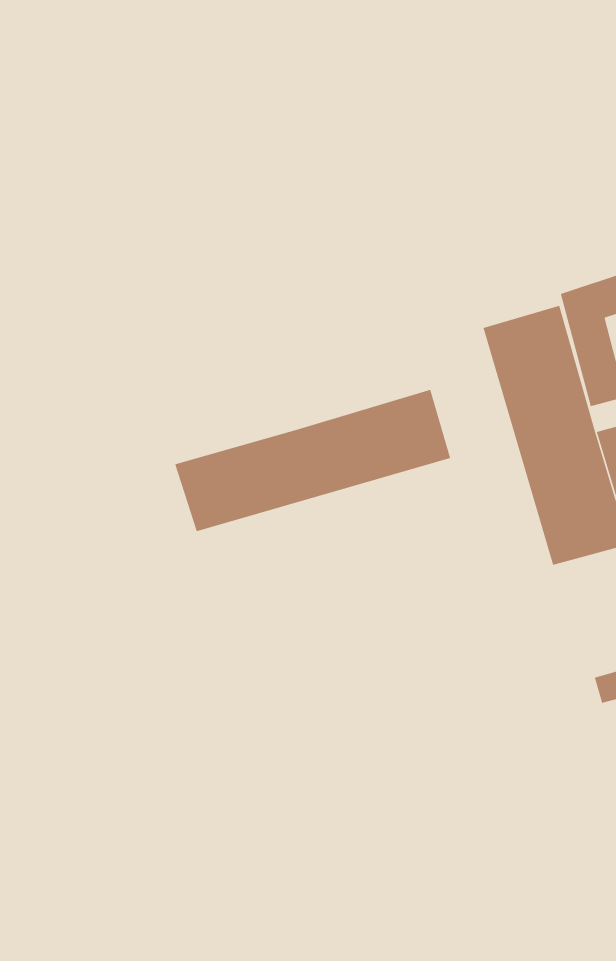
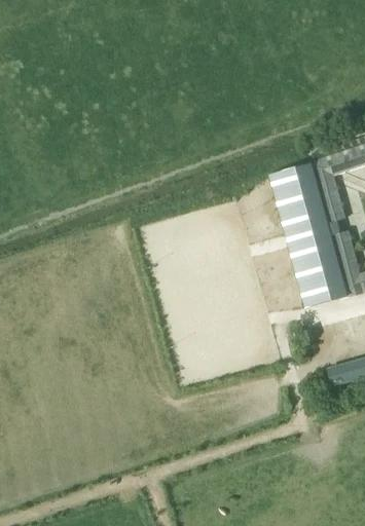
building: [174,389,451,532] -> none

